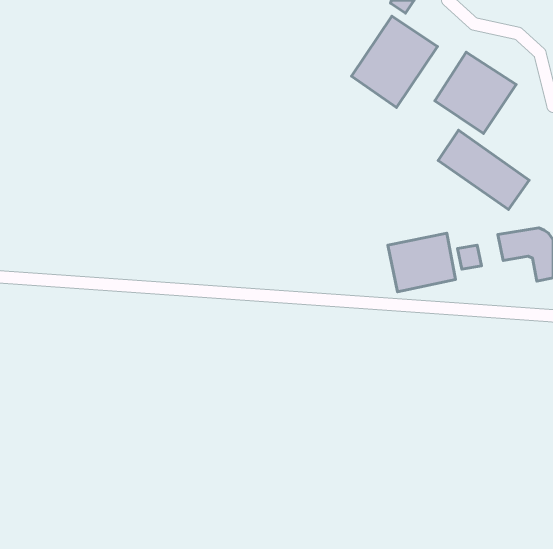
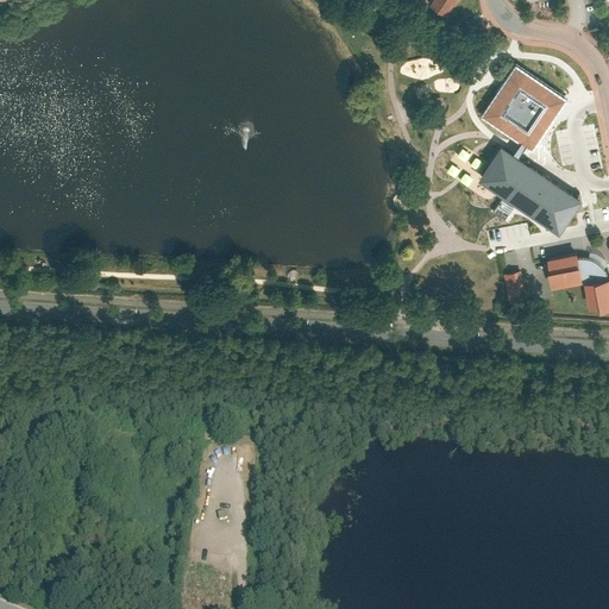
building: [352,16,437,107] -> none
building: [388,233,455,292] -> none

